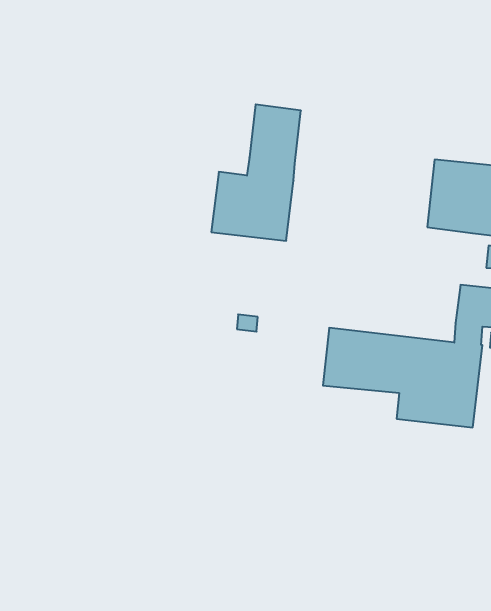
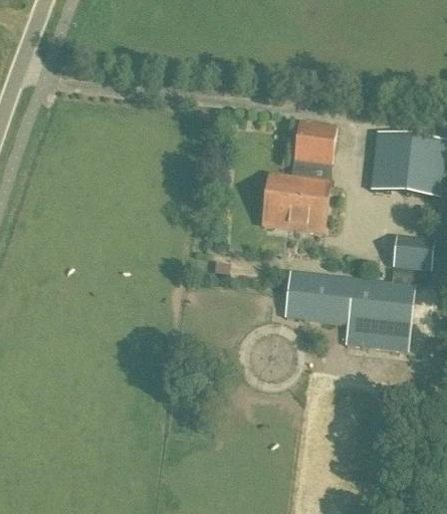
building: [211,104,301,241] -> [262,119,336,231]

